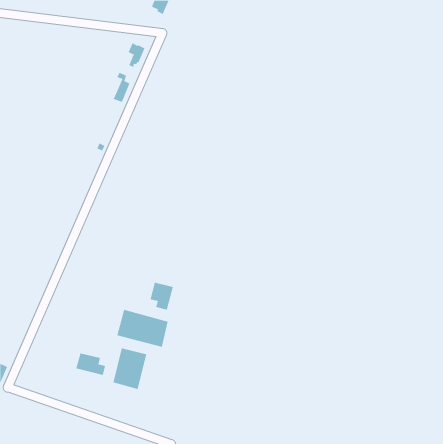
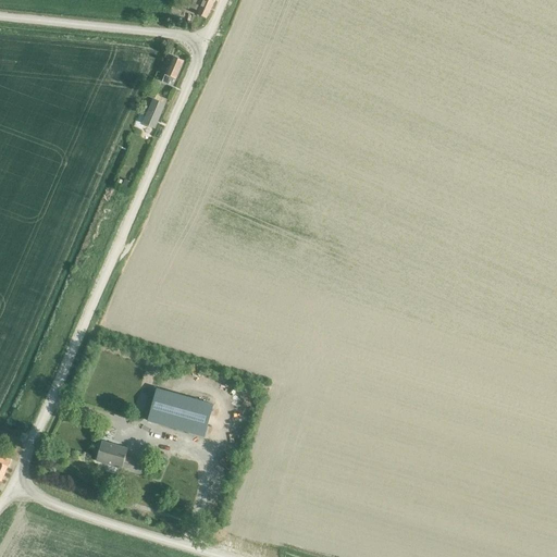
building: [150,282,173,310] -> none
building: [113,347,147,390] -> none

